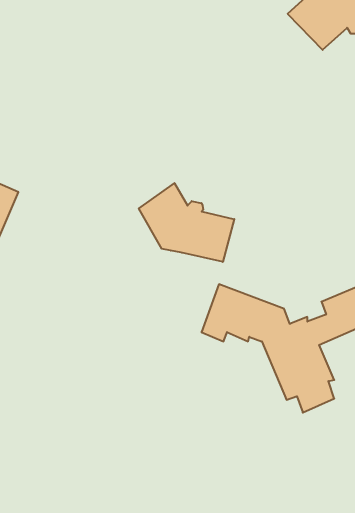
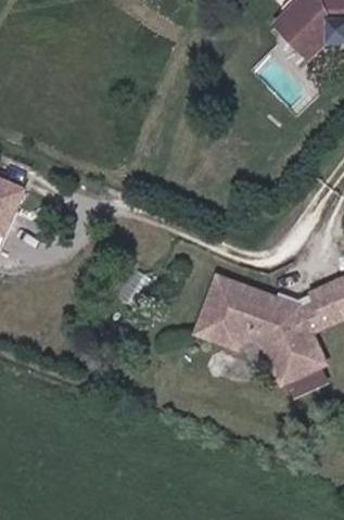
building: [139,183,234,262] -> none

